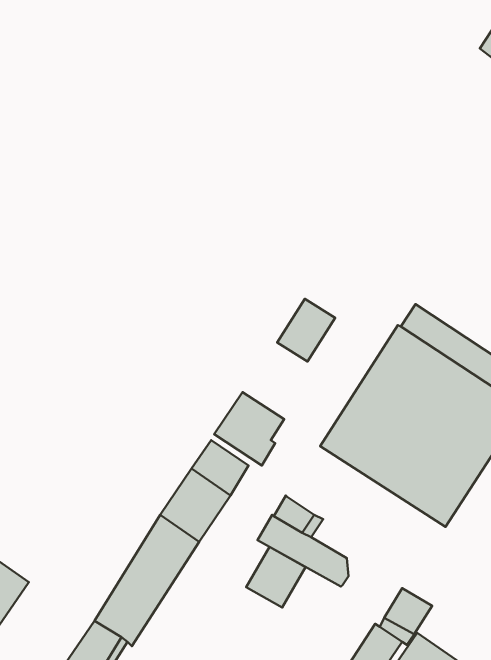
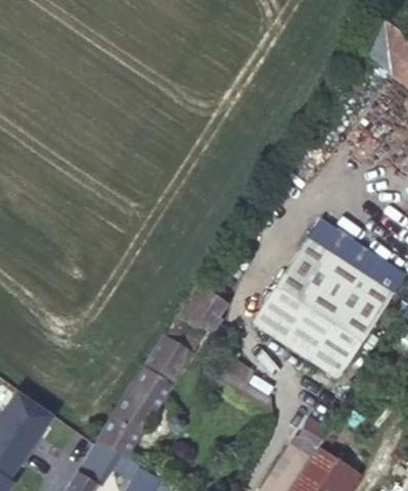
building: [277,299,335,361] -> none
building: [246,547,305,607] -> none

